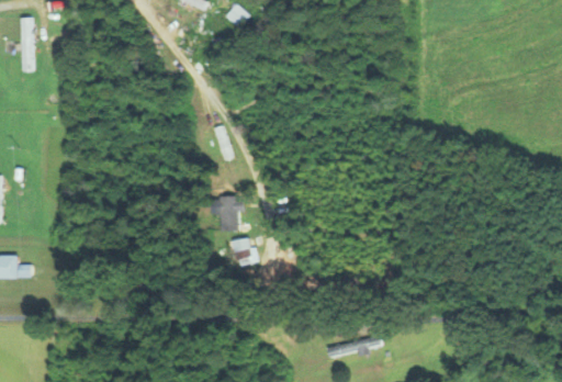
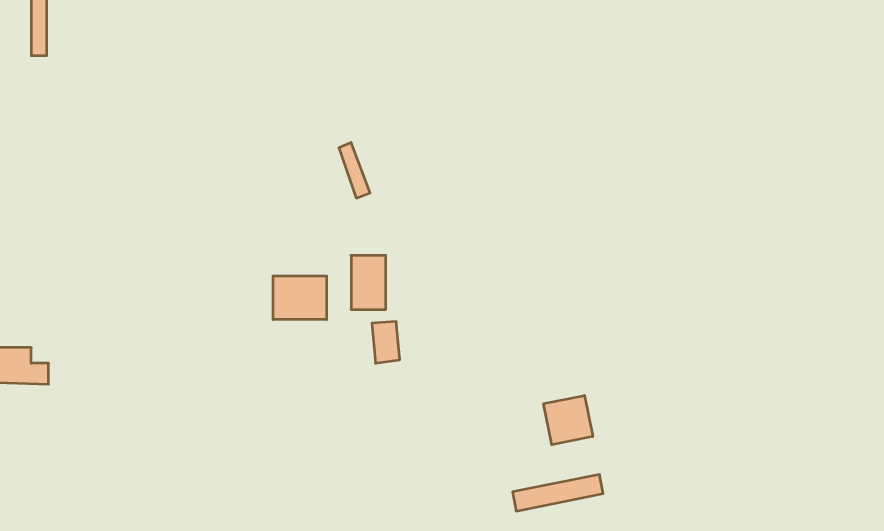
building: none -> [273,276,327,320]
building: none -> [544,395,593,445]

